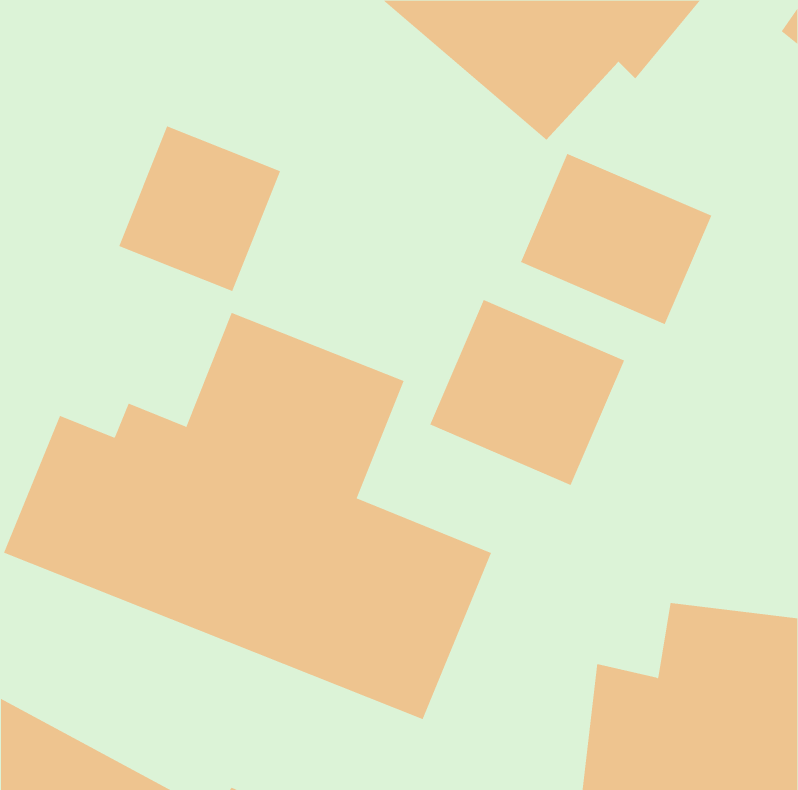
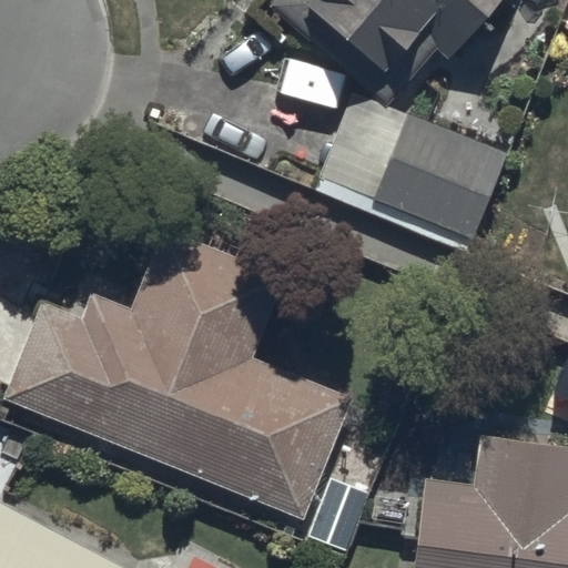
building: [119,125,281,292] -> none
building: [429,299,625,486] -> none

